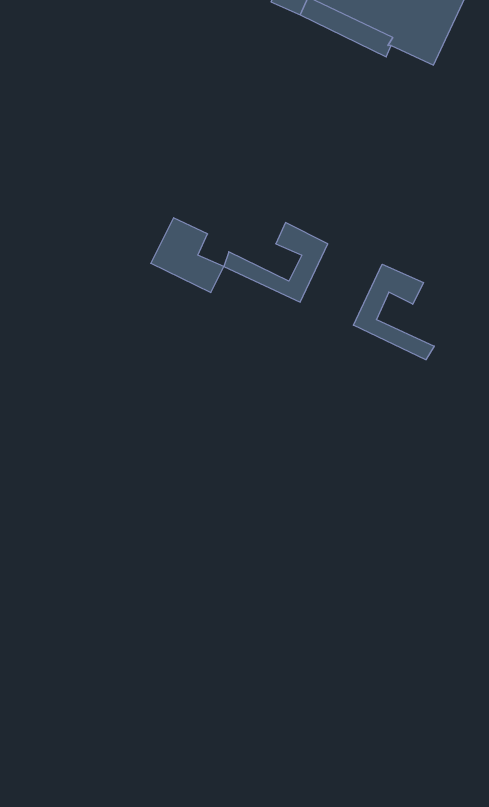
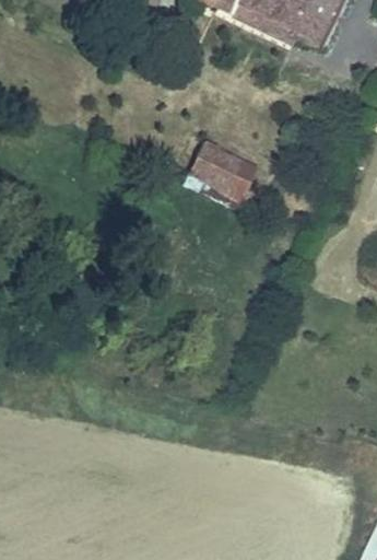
building: [151,218,224,292] -> [187,140,236,190]
building: [353,264,434,360] -> none

